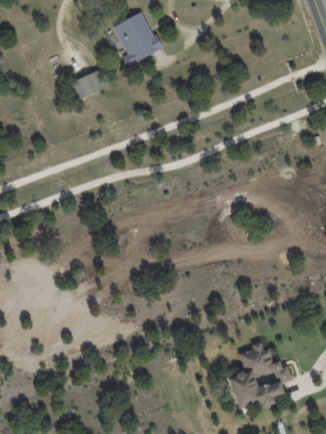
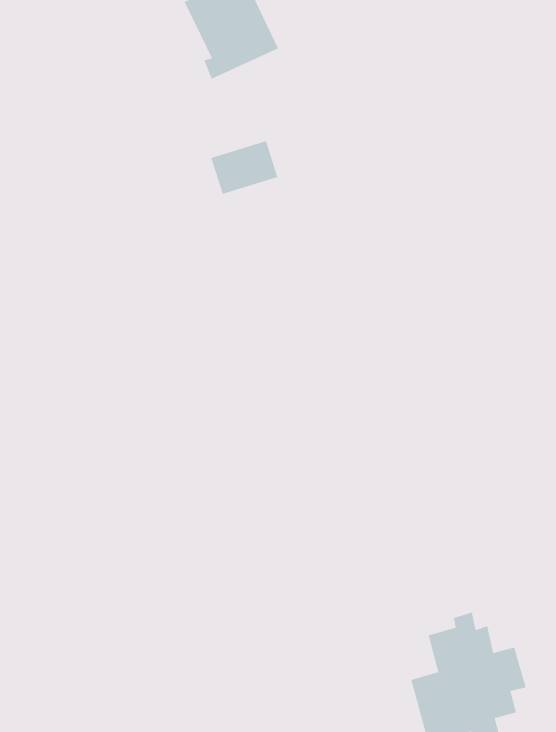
building: [73,70,108,98] -> [210,140,278,195]

